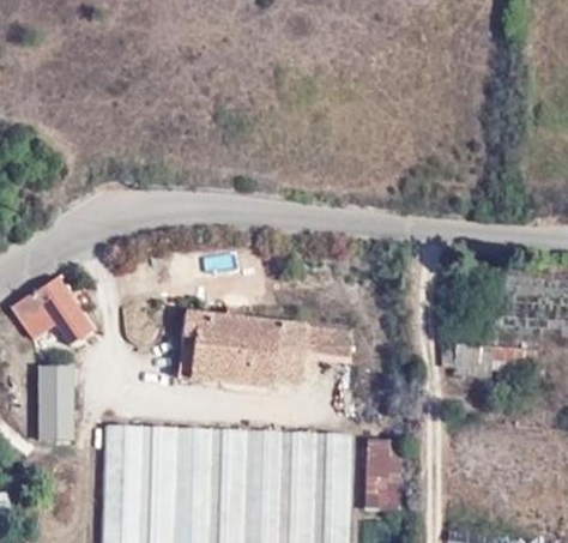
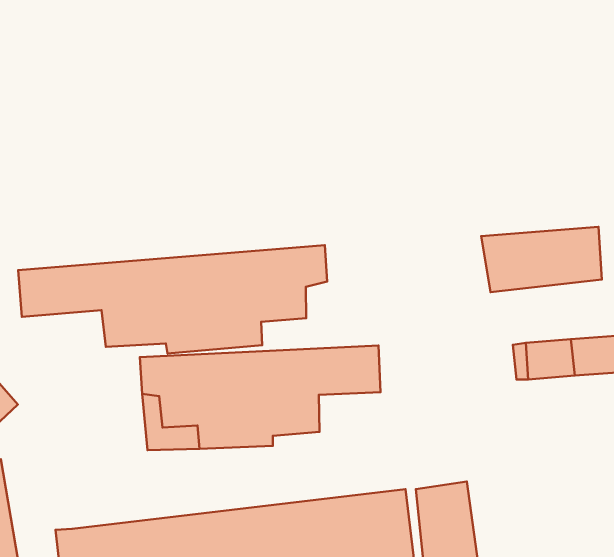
building: none -> [18,245,327,353]
building: none -> [481,227,602,292]

